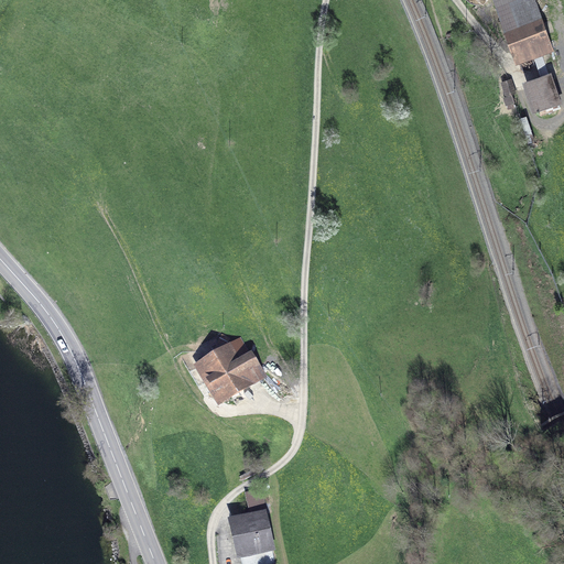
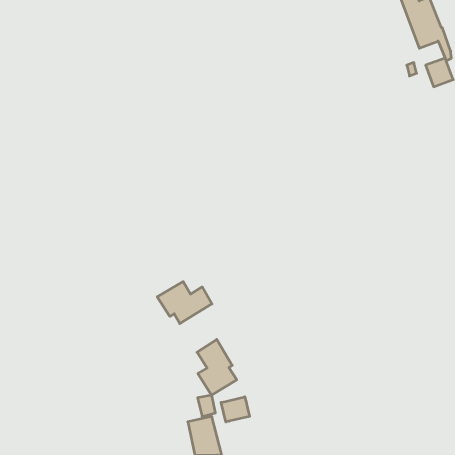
building: none -> [197,339,237,395]
building: none -> [221,397,250,422]

